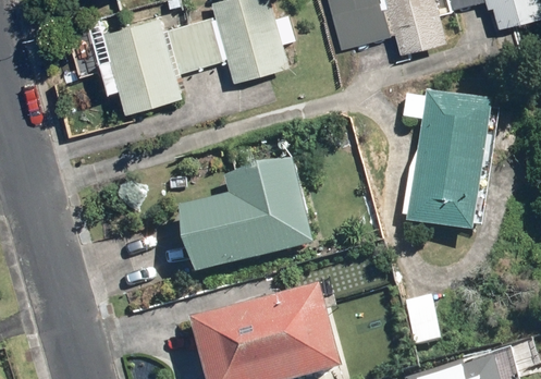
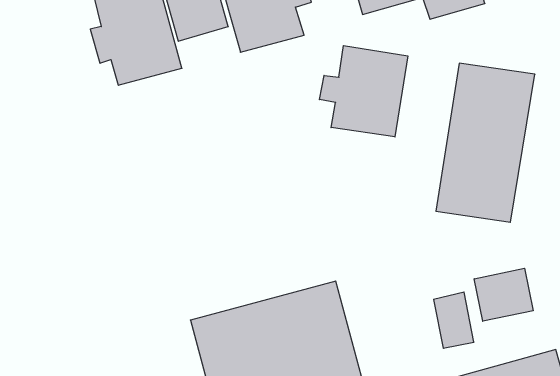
building: none -> [319,46,408,137]
building: [177,160,311,276] -> none
building: none -> [474,268,533,321]

